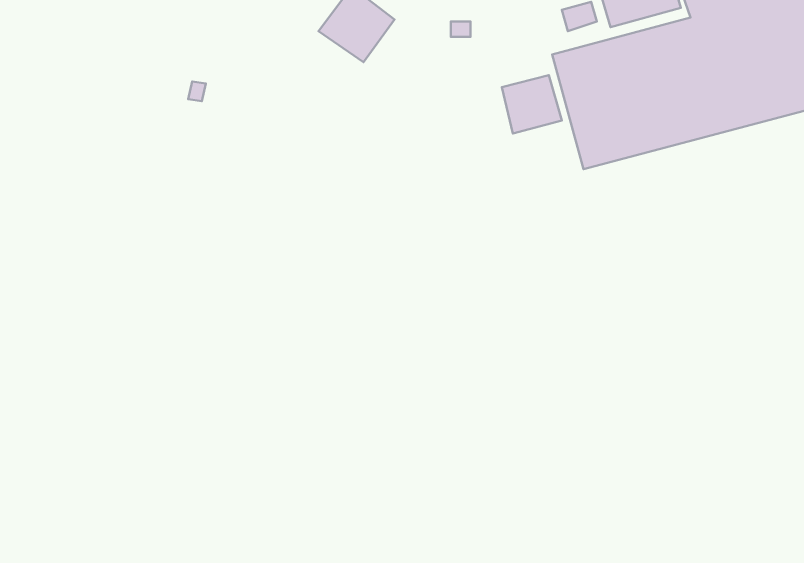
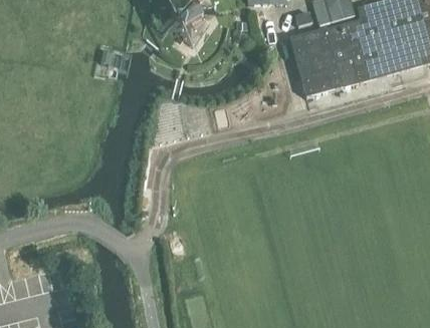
building: [502,75,562,133] -> none

